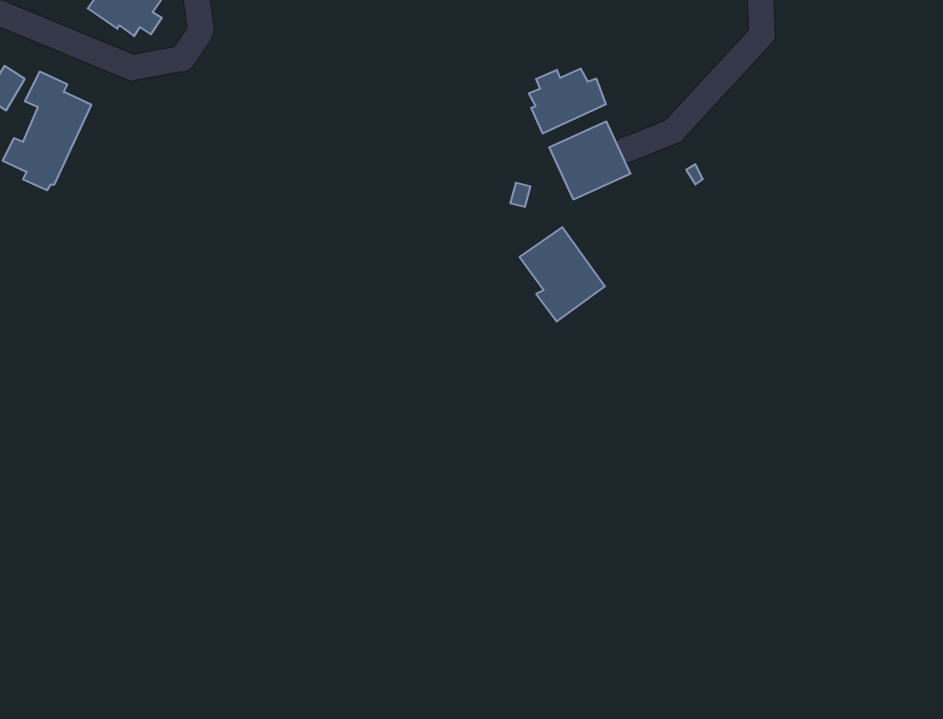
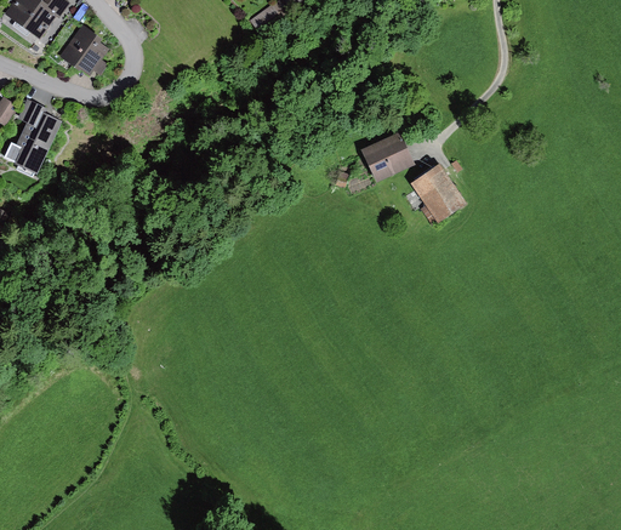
building: [529,69,606,134] -> none
building: [520,227,605,322] -> [409,164,465,226]

